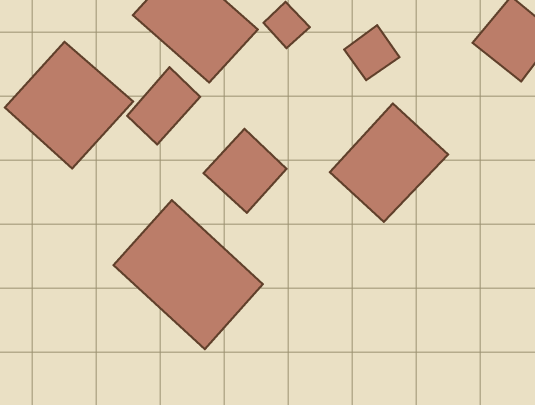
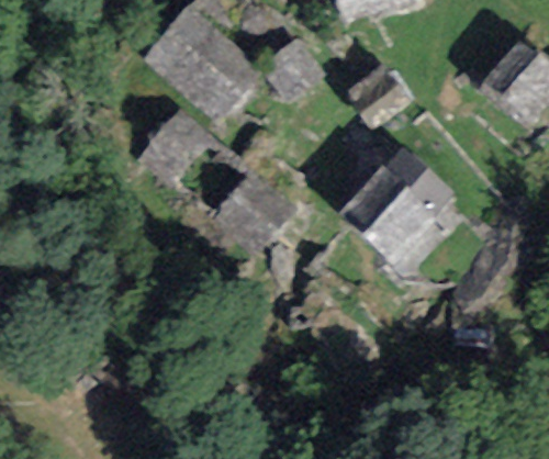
building: [5,42,133,169] -> none
building: [114,200,263,349] -> none

